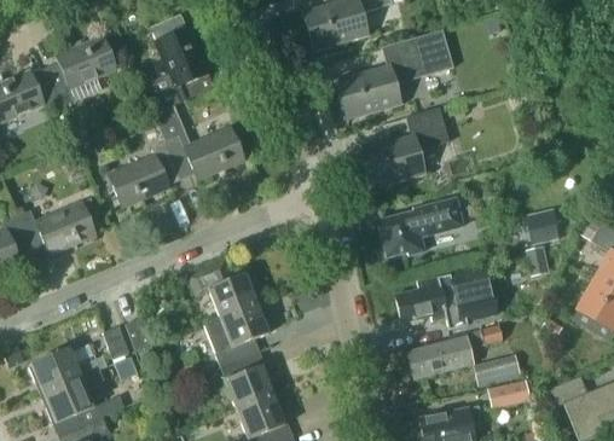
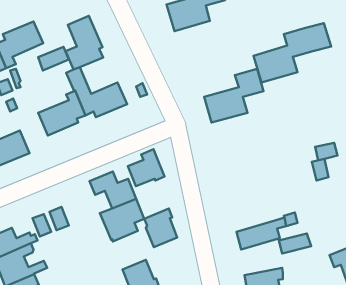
building: [336,30,453,120] -> [253,23,331,82]
building: none -> [38,47,69,71]
building: [378,196,464,257] -> none
building: none -> [128,149,165,186]
building: [396,263,497,327] -> none
building: [222,352,272,410] -> [144,209,177,247]
building: [487,379,529,410] -> none

